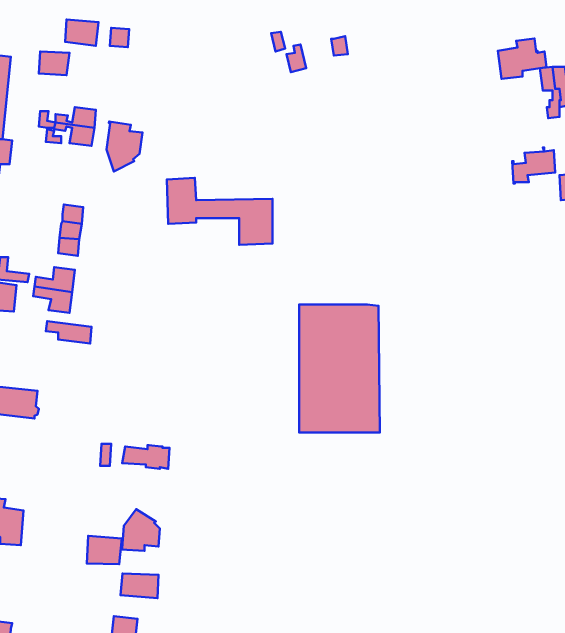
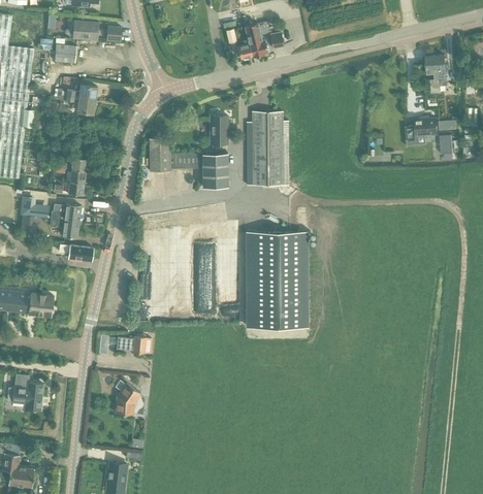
building: none -> [245,23,267,57]
building: [498,38,546,79] -> none
building: [106,121,142,171] -> none
building: none -> [247,111,289,186]
building: none -> [210,114,227,142]
building: [87,536,122,564] -> none
building: [120,574,159,598] -> none

